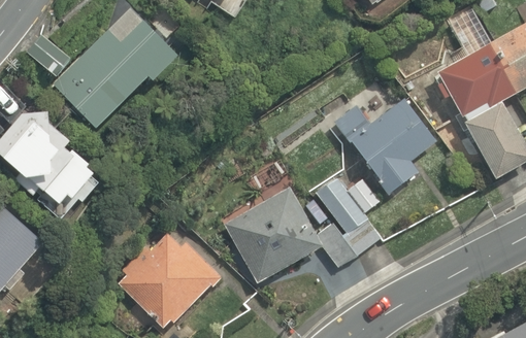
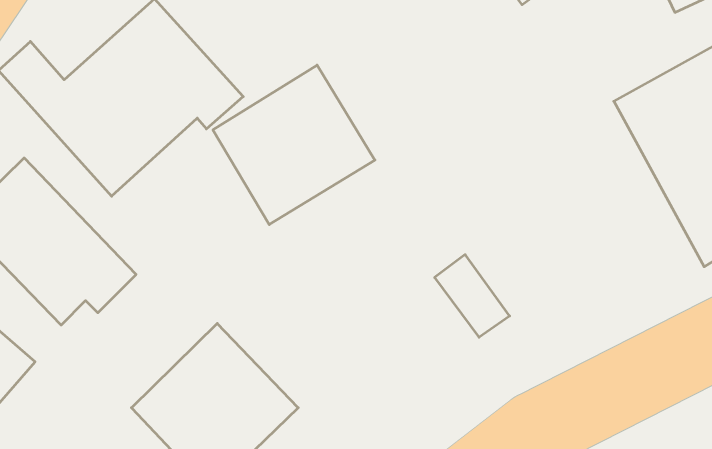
building: none -> [213,65,375,225]
building: [332,95,437,194] -> none
building: [220,159,355,288] -> none

